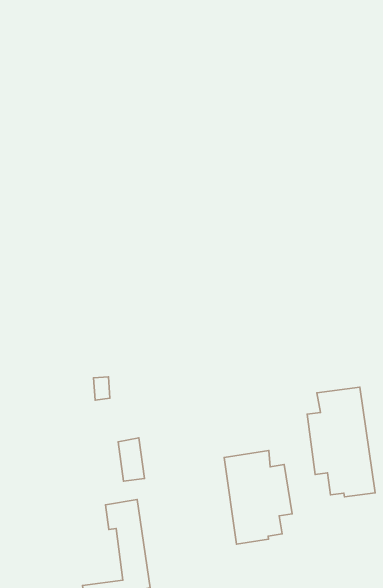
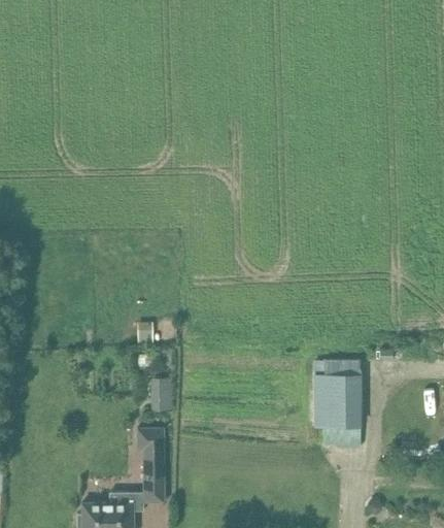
building: [224,450,292,544] -> none

